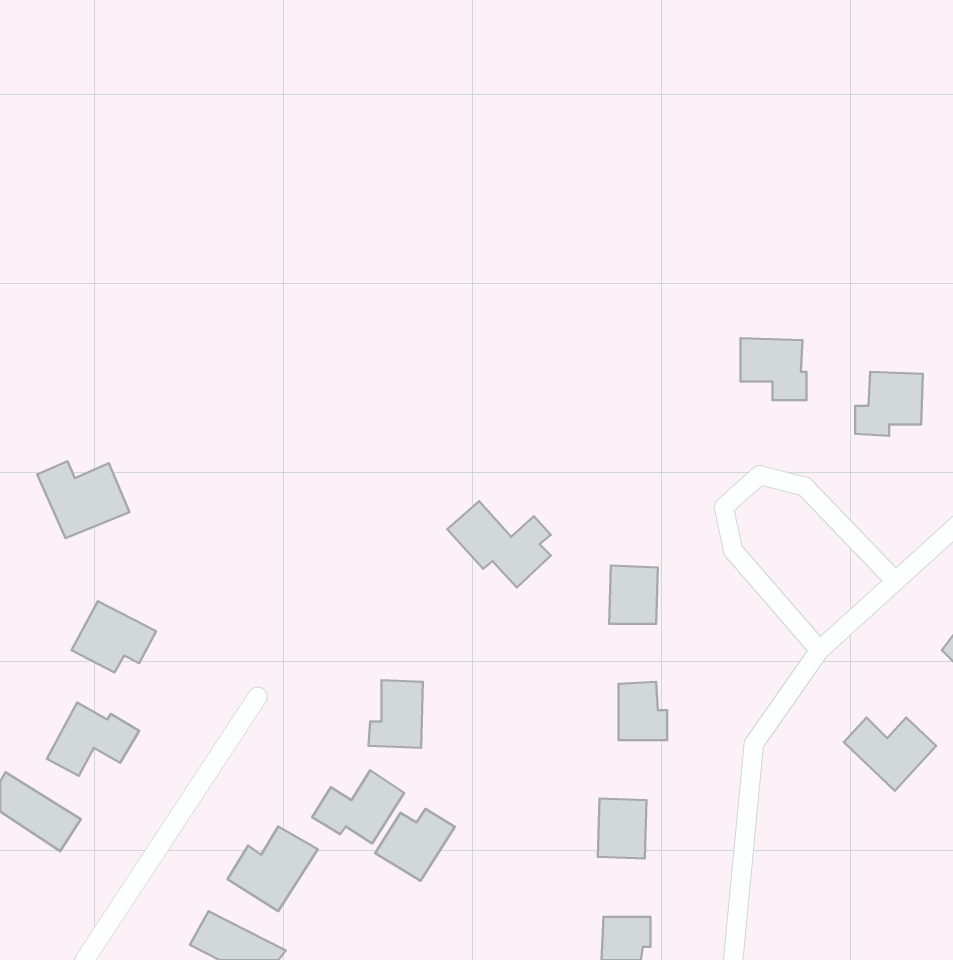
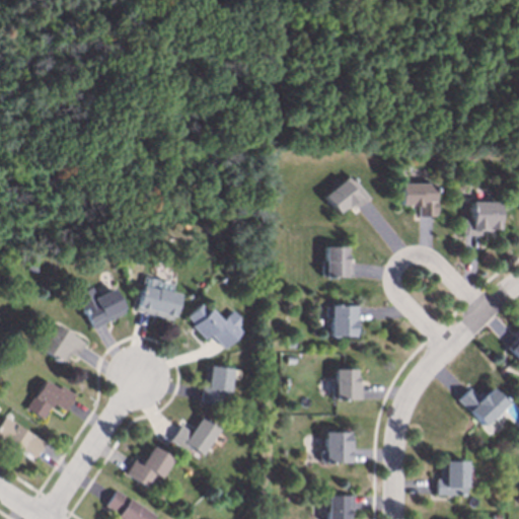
building: none -> [326,174,371,213]
building: none -> [327,246,354,277]
building: [37,461,129,538] -> [79,287,129,328]
building: [447,501,551,588] -> [189,302,244,349]
building: none -> [140,278,181,319]
building: [375,809,455,881] -> none
building: none -> [438,460,469,496]

